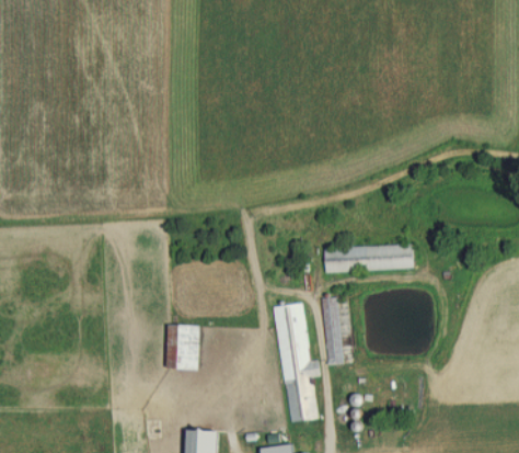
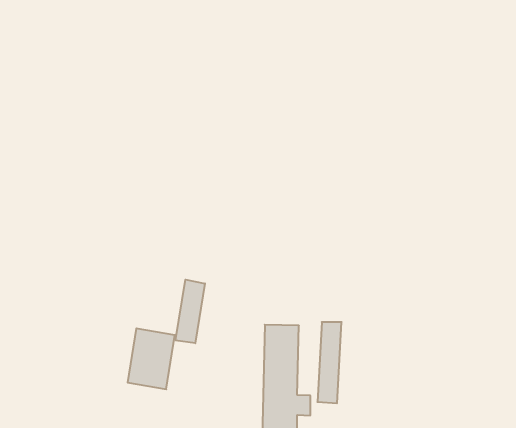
building: [324,245,415,270] -> none
building: none -> [176,280,205,343]

